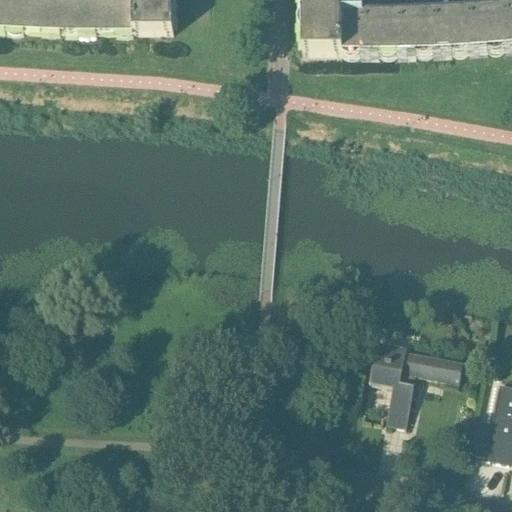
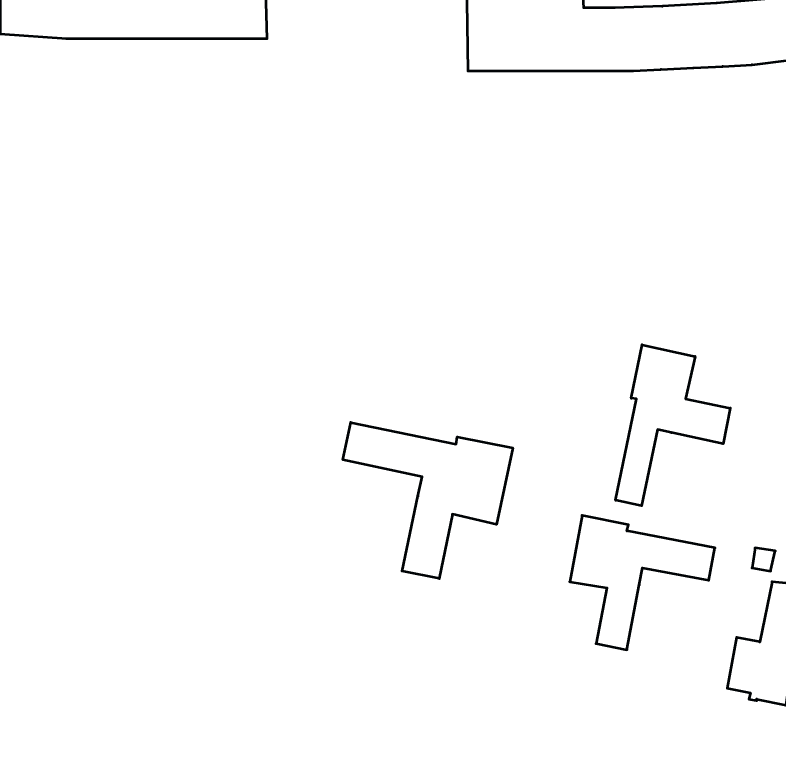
building: none -> [616,345,730,506]
building: none -> [343,422,513,579]

